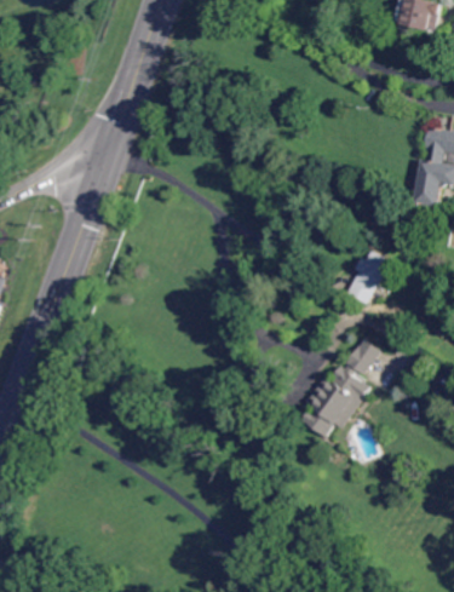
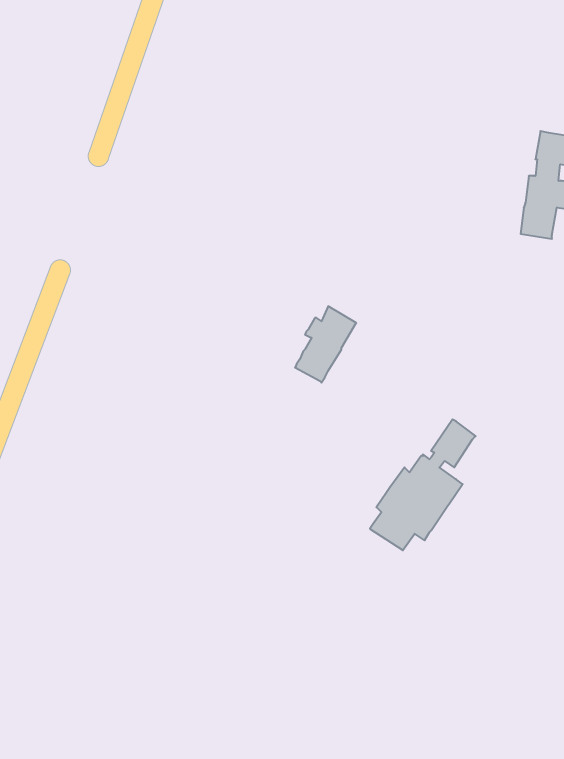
building: [345,251,390,306] -> [295,306,356,383]

